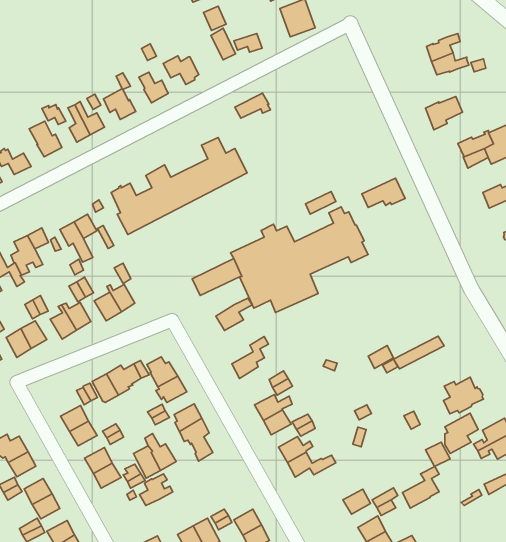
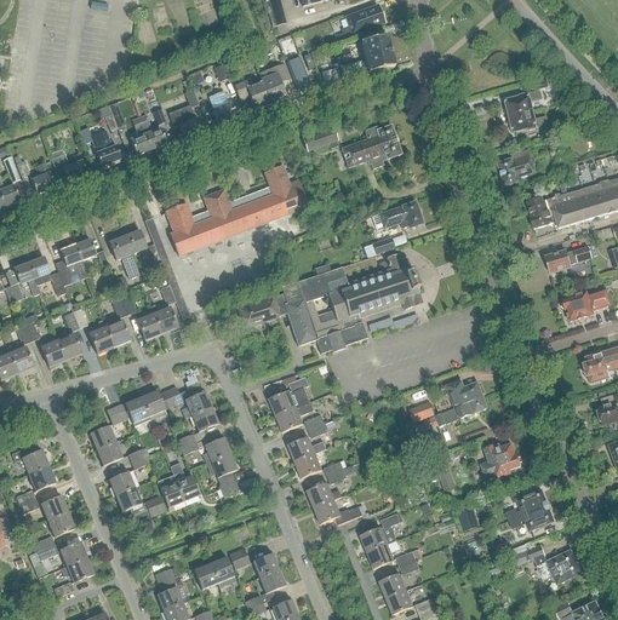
building: none -> [261,63,291,101]
building: none -> [342,125,402,168]
building: [362,178,405,207] -> [379,201,423,228]
building: [216,298,252,330] -> [275,402,314,432]
building: none -> [446,379,483,408]
building: [445,413,478,453] -> none
building: [402,466,439,508] -> [360,513,400,553]
building: [140,474,173,506] -> none

